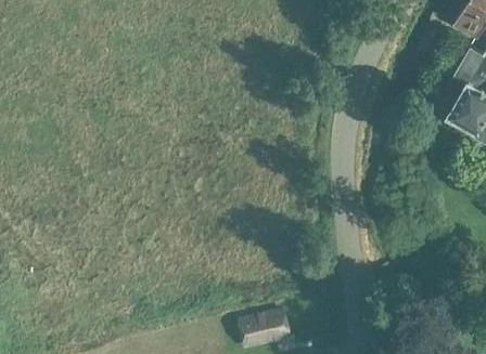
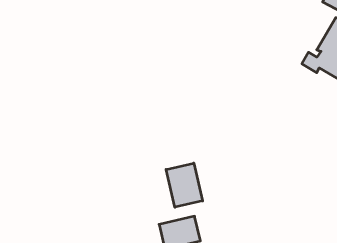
building: none -> [166,163,203,207]

